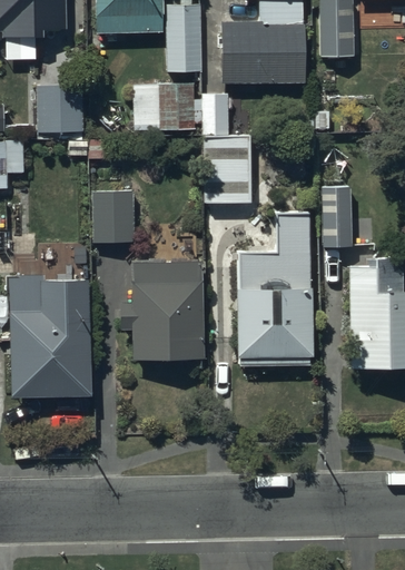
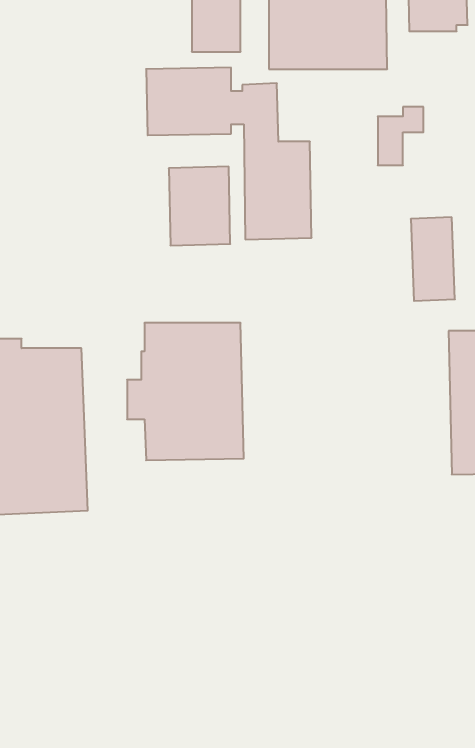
building: [37,82,85,137] -> none
building: [93,188,137,244] -> [169,167,230,245]
building: [236,210,310,366] -> none

